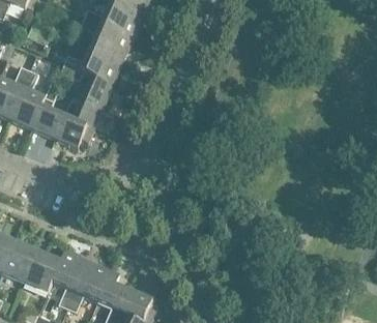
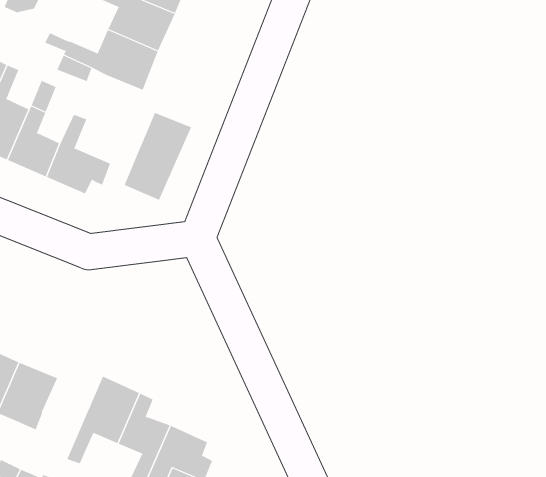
building: [71,76,113,129] -> [124,112,192,200]
building: [52,249,88,310] -> none

